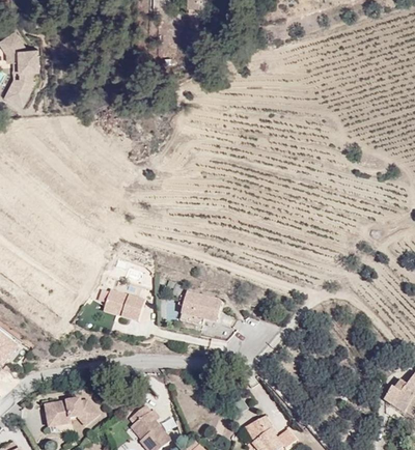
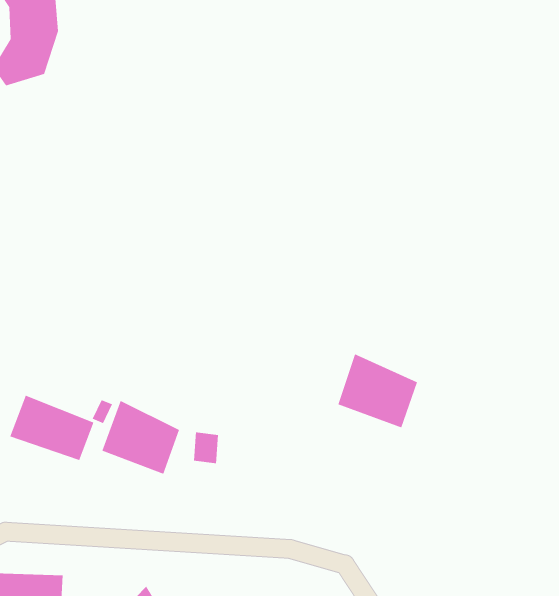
building: [177,285,224,327] -> [338,353,418,428]
building: none -> [10,395,94,461]

